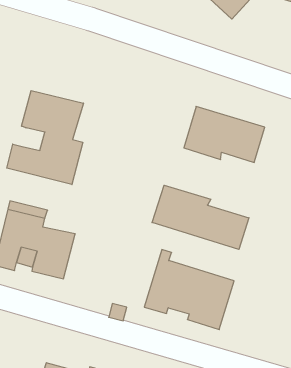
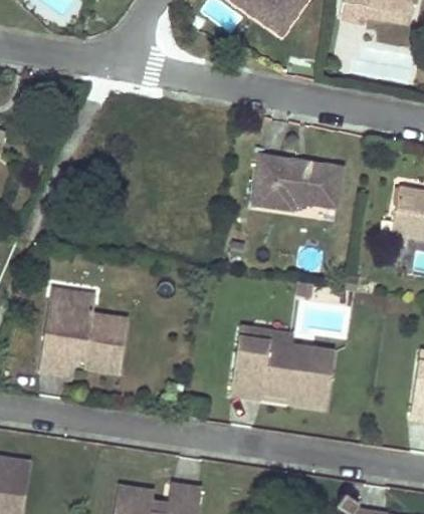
building: [7,91,83,185] -> none
building: [152,185,249,249] -> none

